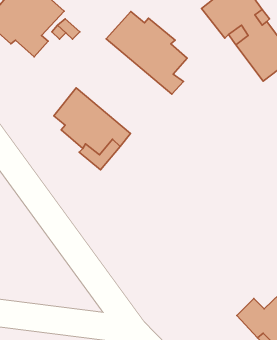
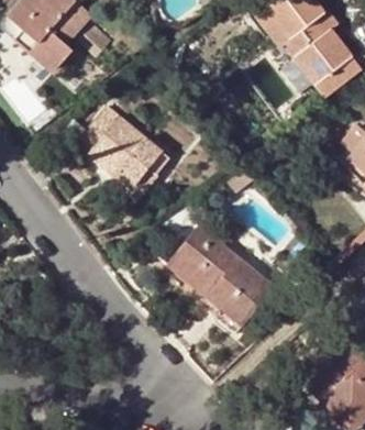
building: [106,11,187,94] -> none
building: none -> [167,227,274,333]

